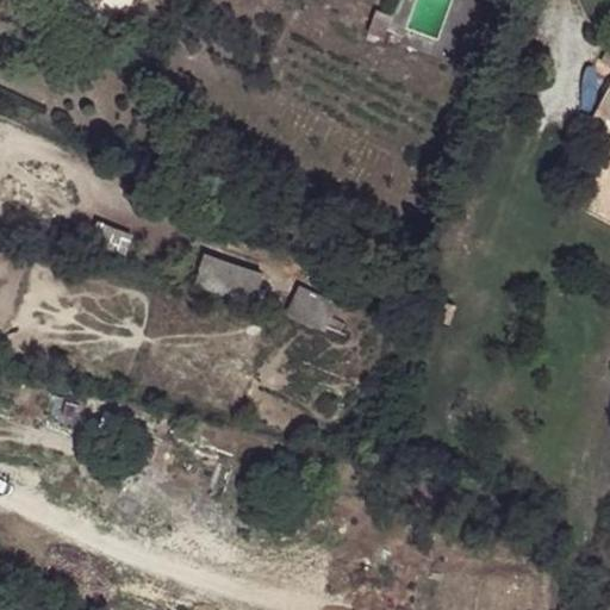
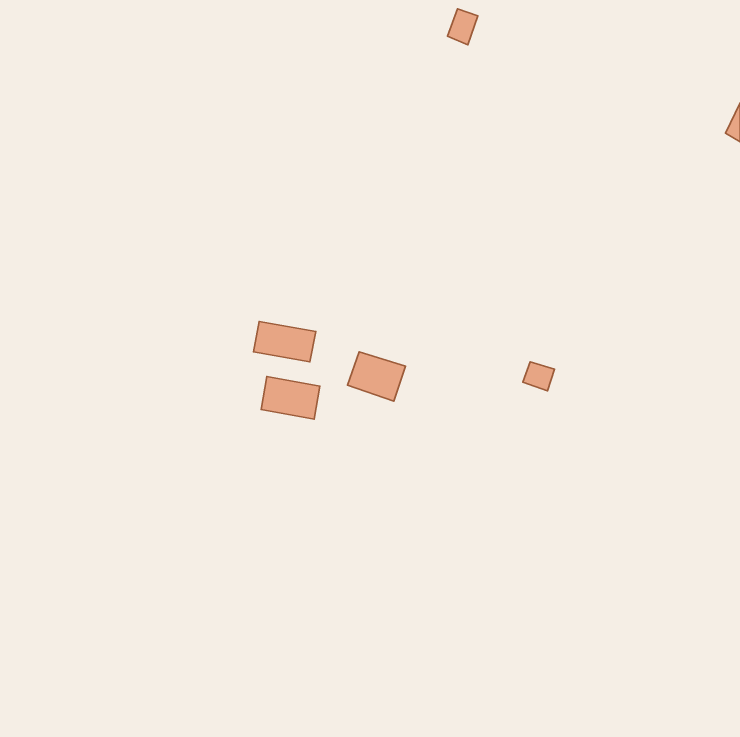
building: none -> [261,376,320,419]

